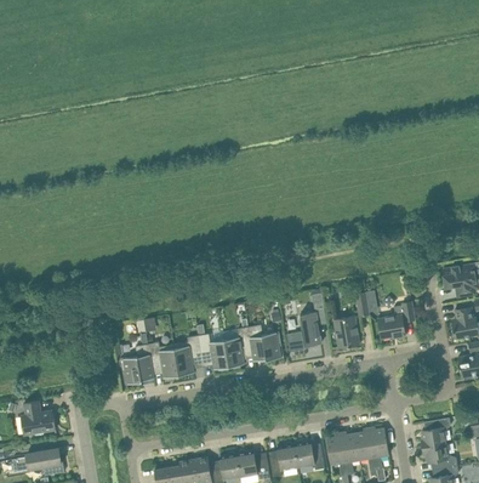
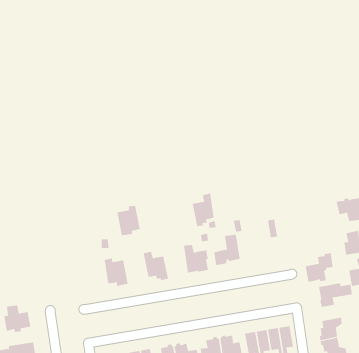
building: [378,302,415,340] -> [305,253,333,283]
building: [333,316,360,348] -> none
building: [224,326,253,369] -> [192,193,215,226]
building: [173,336,204,375] -> [117,205,140,236]
building: [121,345,154,385] -> none
building: none -> [318,283,352,307]

